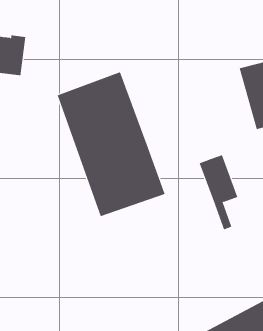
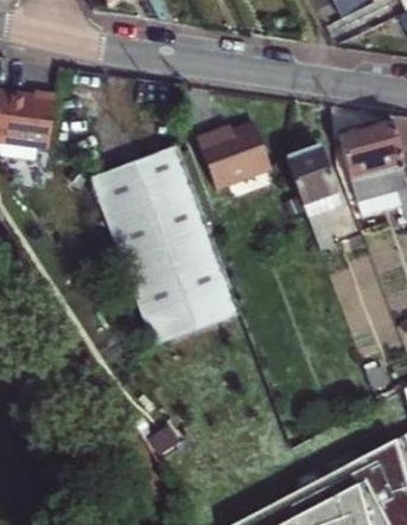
building: none -> [198,123,272,187]
building: [199,154,238,230] -> [290,145,343,248]

